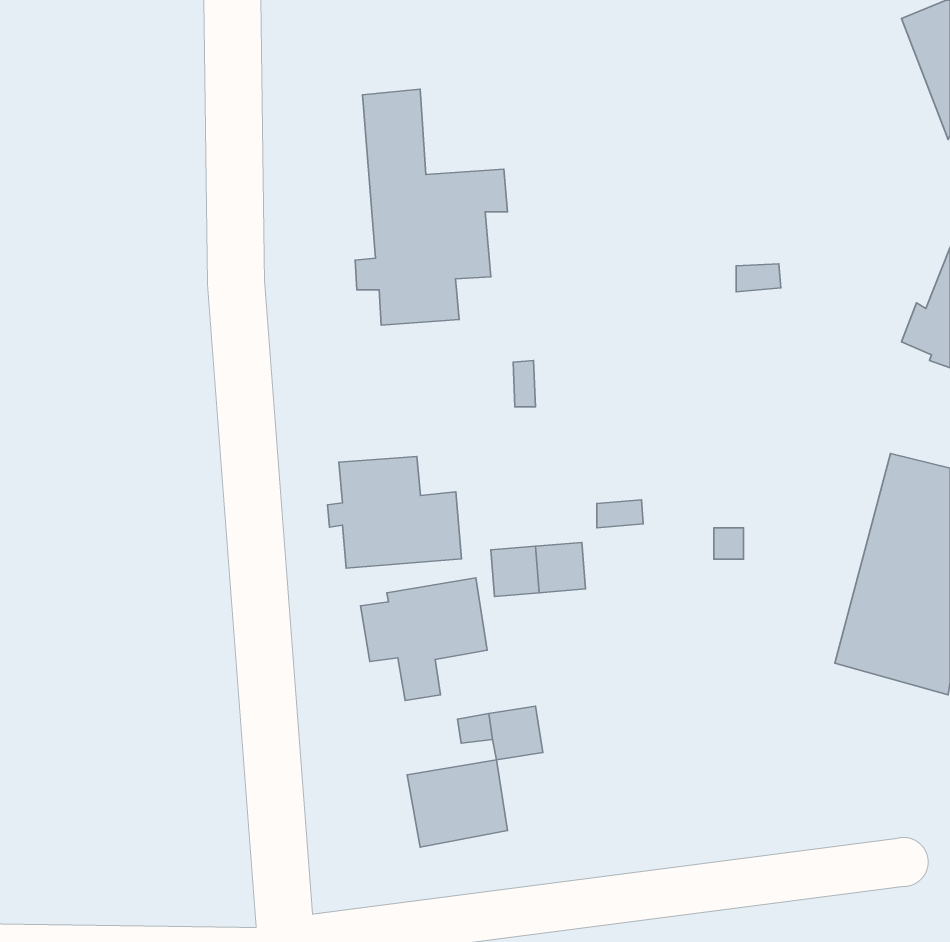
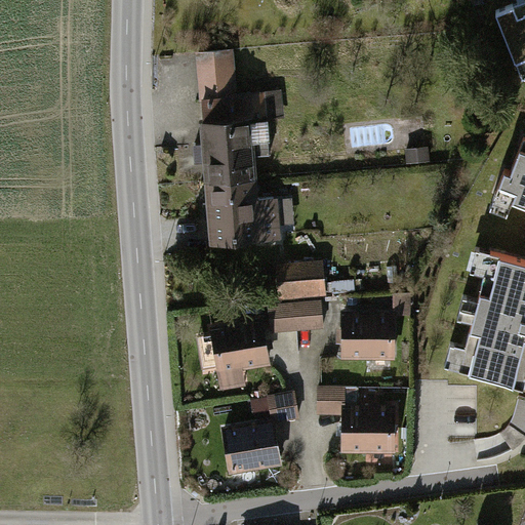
building: [328,457,461,568] -> [204,180,278,242]
building: none -> [280,266,324,297]
building: none -> [345,317,394,357]
building: none -> [319,390,395,451]

